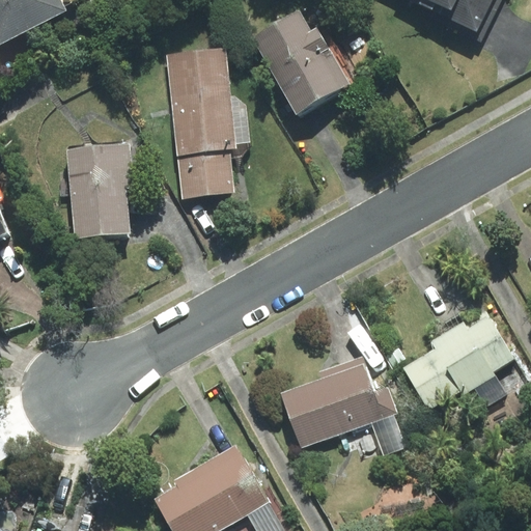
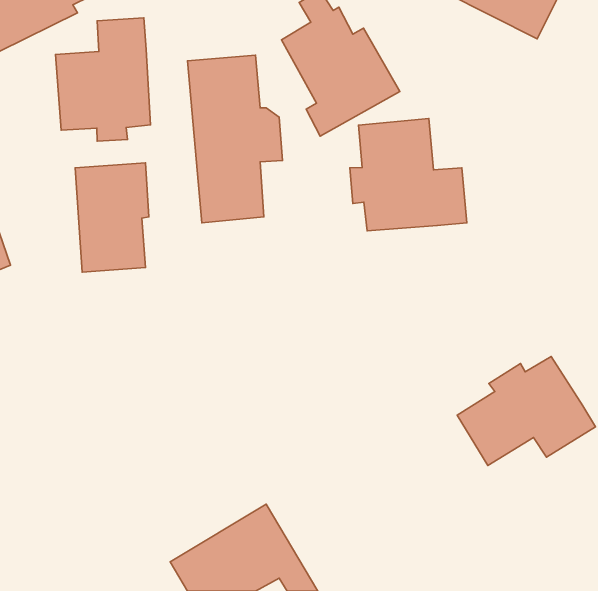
building: none -> [56,18,150,141]
building: none -> [350,119,467,231]
building: [278,362,404,452] -> none

